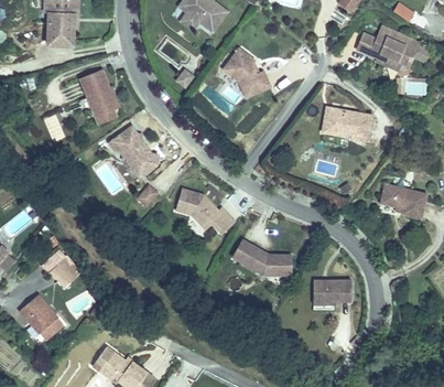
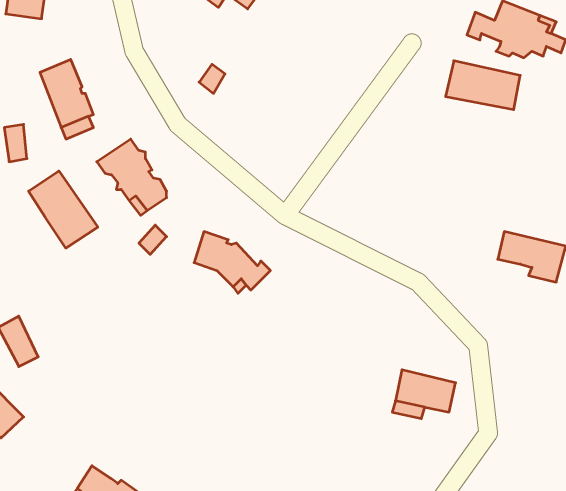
building: [221,51,270,99] -> none
building: [320,109,370,142] -> [446,61,520,110]
building: none -> [29,171,98,248]
building: [234,238,292,272] -> none

